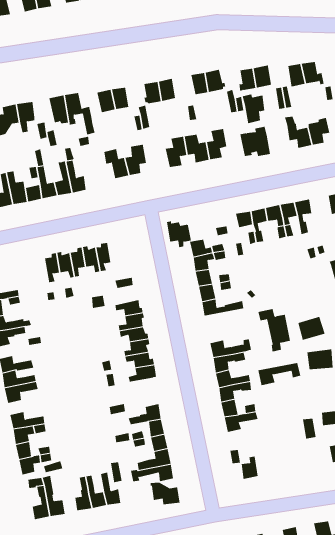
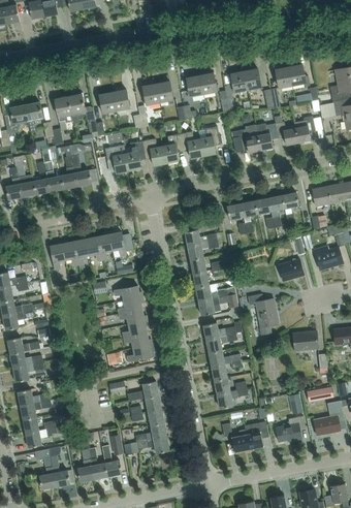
building: [242,94,265,124] -> [255,123,277,151]
building: none -> [142,138,166,166]
building: [166,221,192,248] -> [109,231,133,256]
building: [298,316,325,341] -> [279,258,305,281]
building: [257,362,301,386] -> [198,293,238,315]
building: none -> [277,416,306,441]
building: none -> [245,422,268,448]
building: [150,482,180,505] -> none

